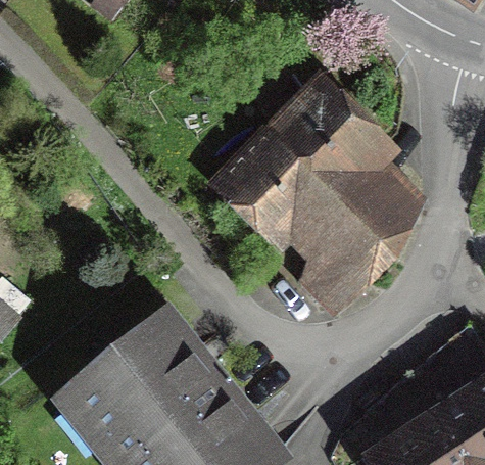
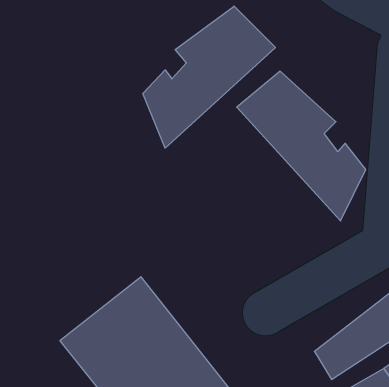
building: none -> [143,6,275,148]
building: [222,135,390,314] -> none

